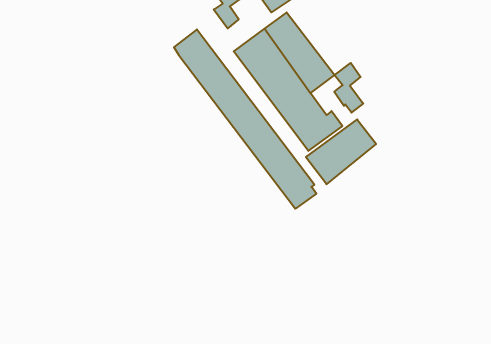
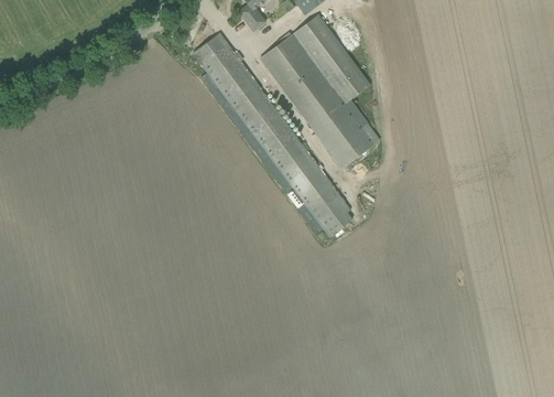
building: [334,63,363,113] -> none
building: [306,119,376,184] -> none

